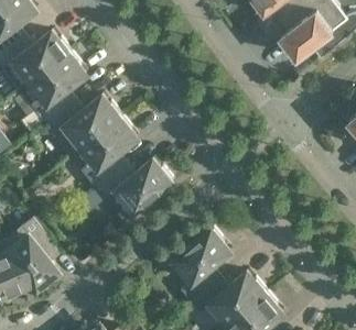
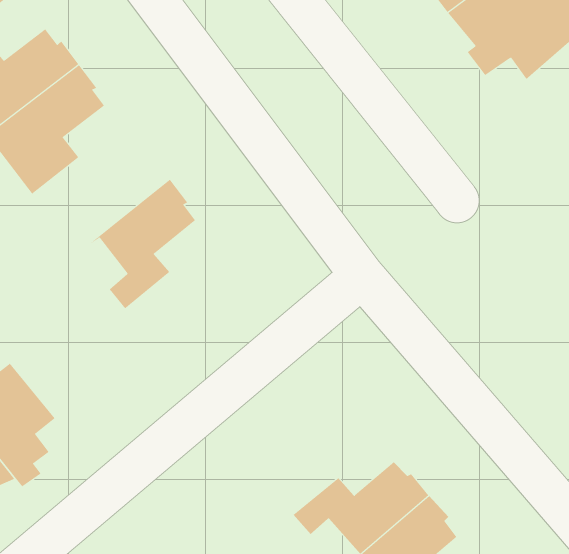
building: [43,95,120,155] -> none
building: [95,158,172,223] -> none
building: [173,228,228,301] -> none

